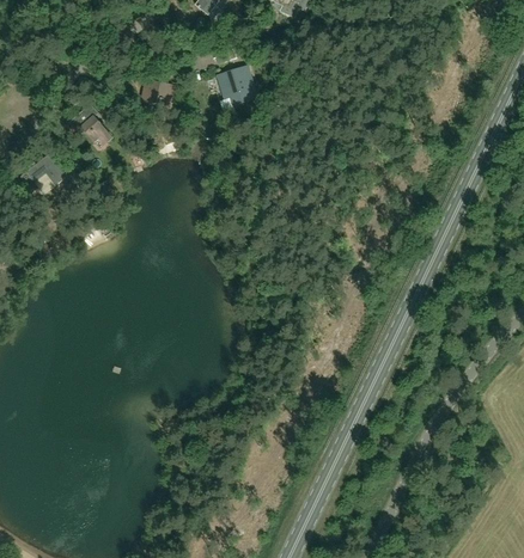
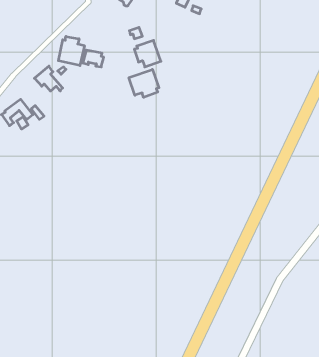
building: none -> [58,36,84,66]
building: none -> [129,69,159,97]

